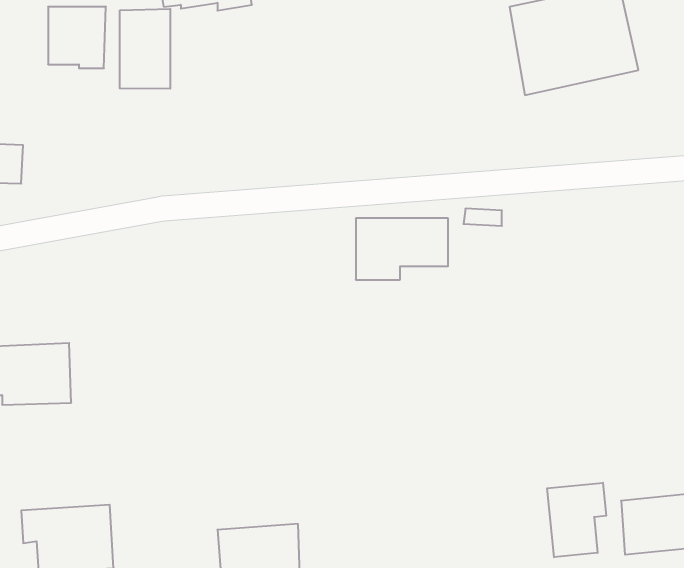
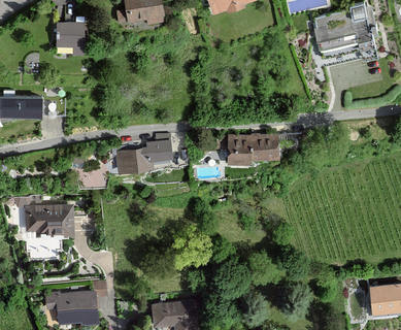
building: [120,9,170,89] -> none
building: none -> [113,135,169,171]
building: [547,483,606,557] -> none

